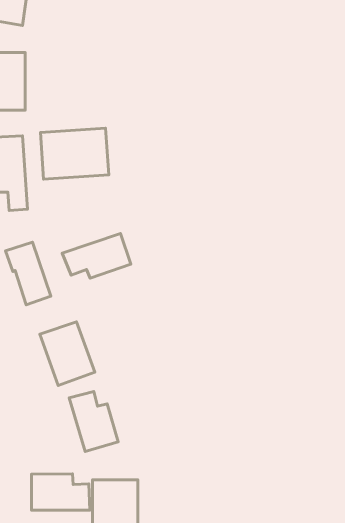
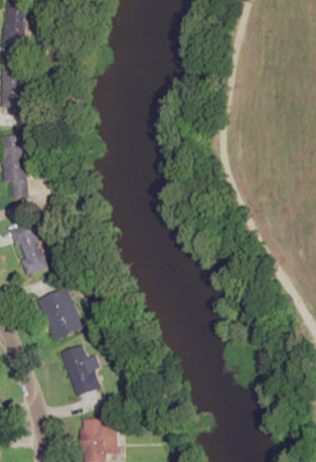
building: [41,128,109,179] -> none
building: [62,233,131,278] -> none
building: [31,474,90,510] -> none

